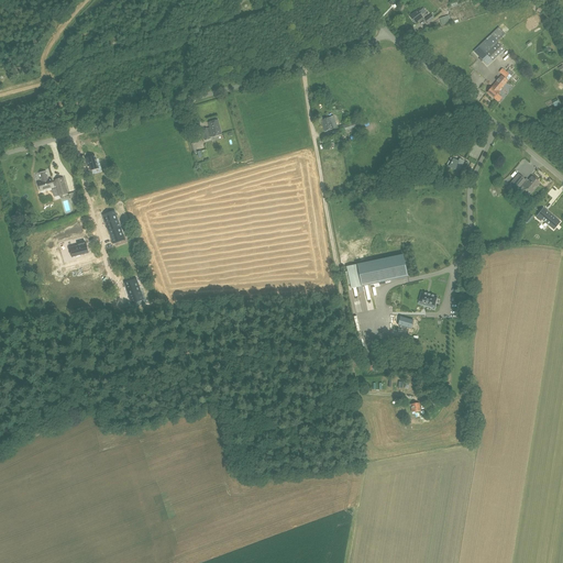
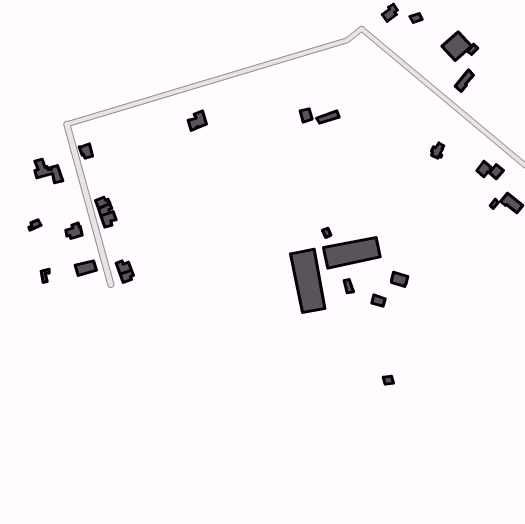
building: none -> [290,249,325,313]

